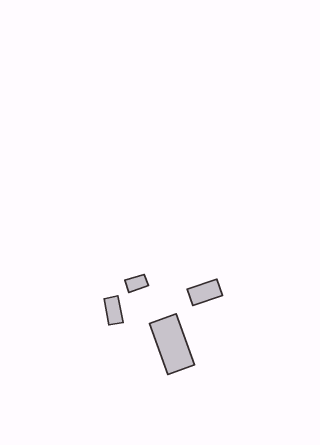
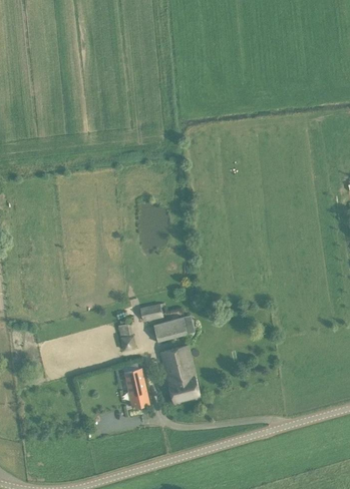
building: [187,279,222,305] -> [153,318,187,341]
building: none -> [124,369,148,408]

